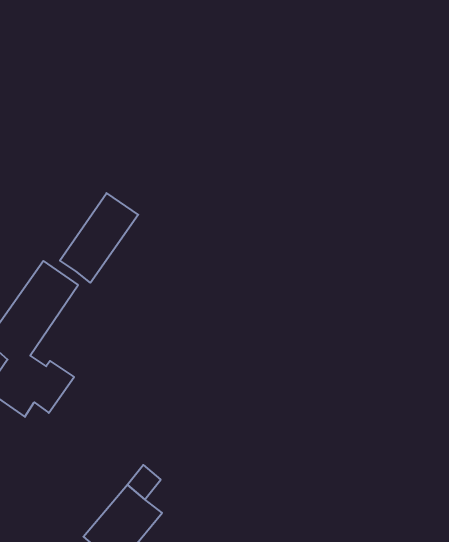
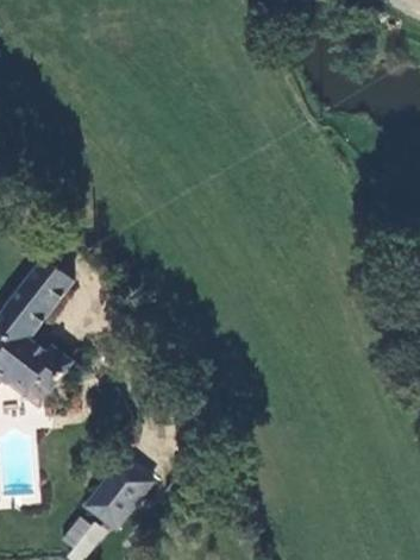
building: [60,193,138,283] -> none

